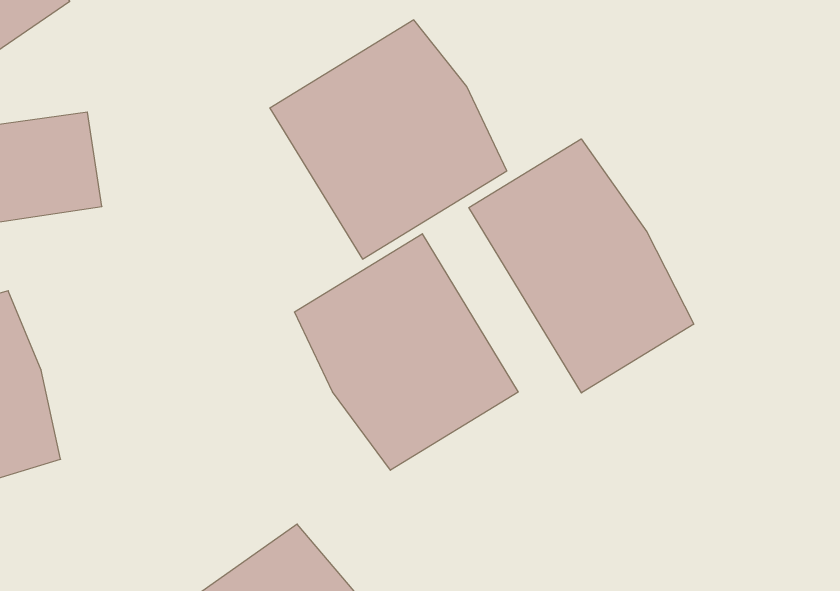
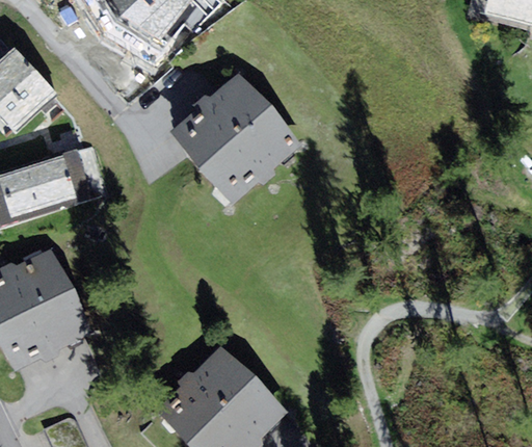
building: [469,139,694,393] -> none
building: [294,234,518,470] -> none

